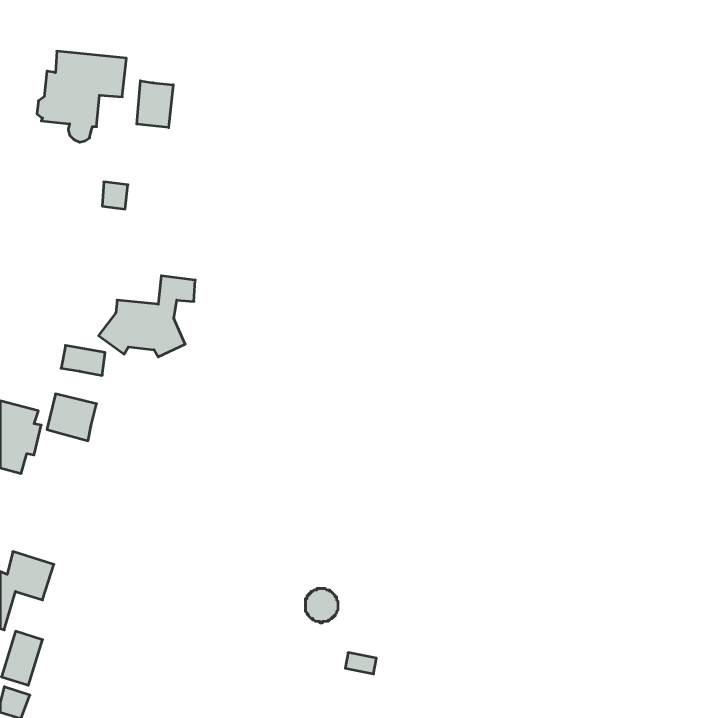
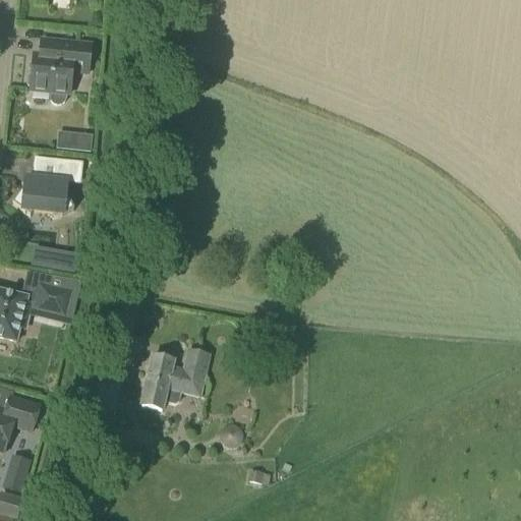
building: [137,81,173,128] -> none
building: [99,276,195,357] -> [11,158,80,216]
building: none -> [141,348,208,407]

